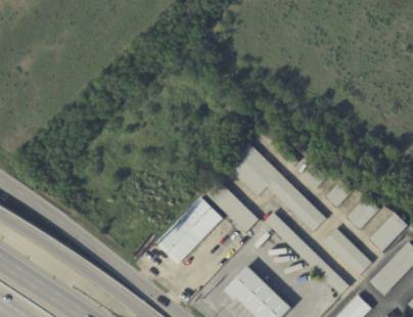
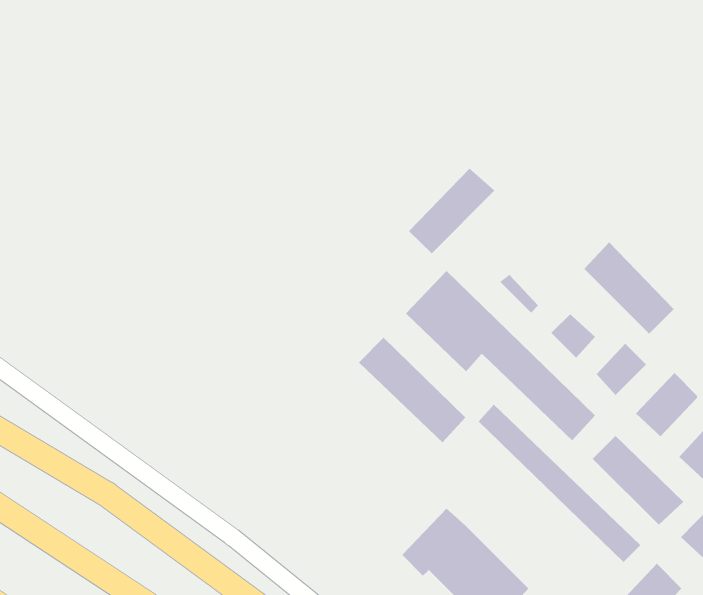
building: none -> [408,168,495,254]
building: none -> [584,241,675,334]
building: [155,196,222,264] -> none

